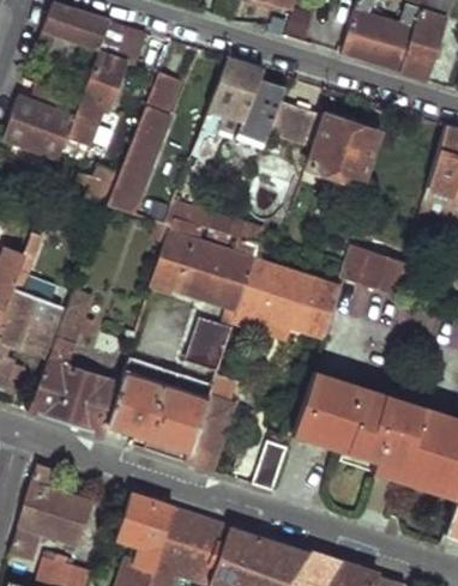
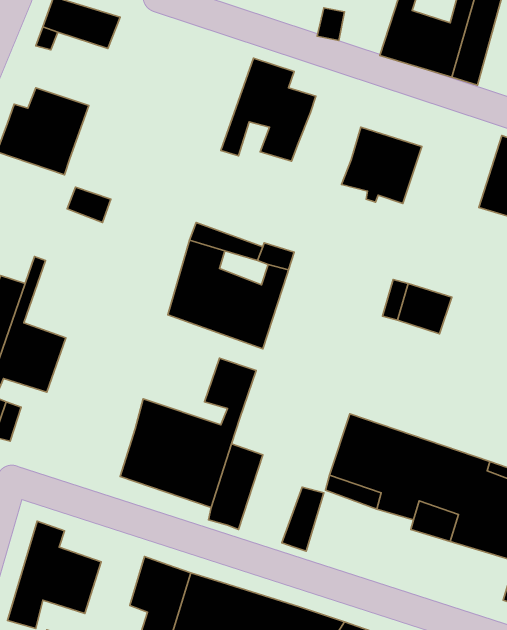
building: [66,19,146,151] -> none
building: [109,72,179,213] -> none
building: [267,103,323,145] -> none
building: [236,246,339,343] -> none
building: [30,292,123,435] -> none

